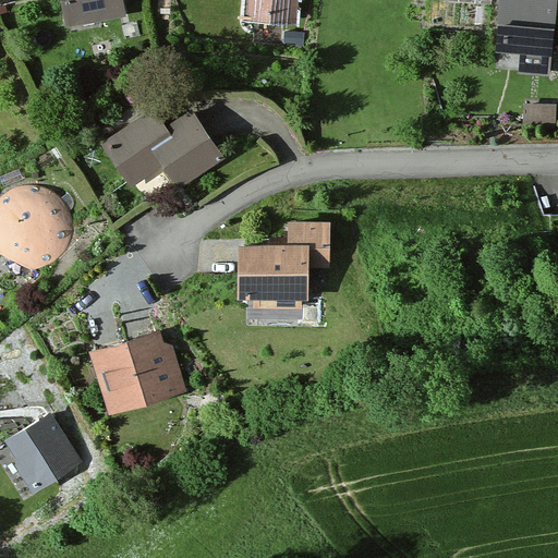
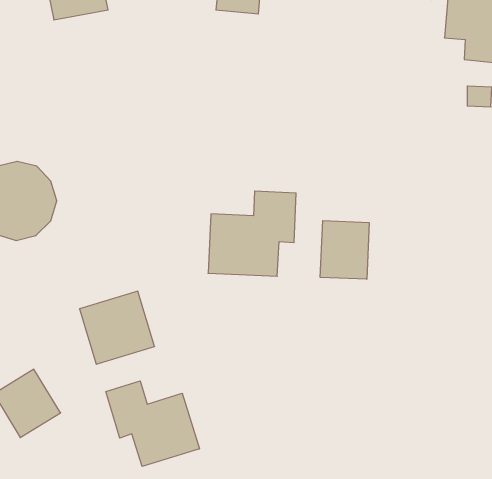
building: [98,107,227,190] -> none
building: none -> [320,221,369,279]
building: none -> [106,381,199,466]

